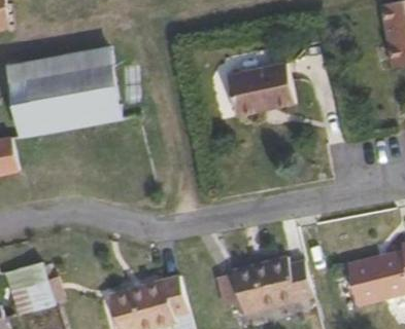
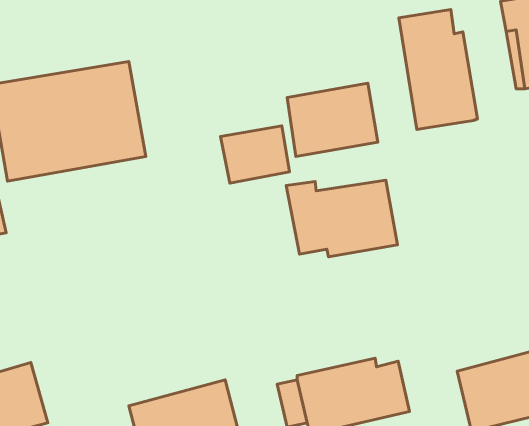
building: none -> [399,9,478,129]
building: none -> [220,126,289,183]
building: none -> [286,180,397,257]

